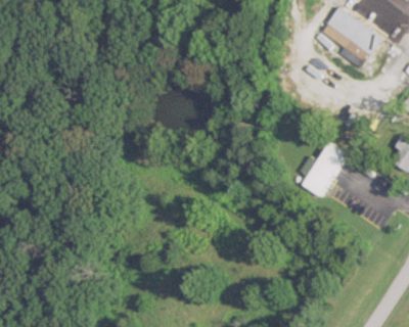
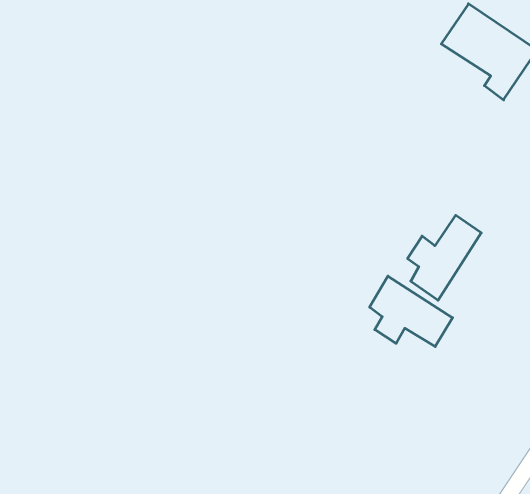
building: none -> [370,276,453,347]

